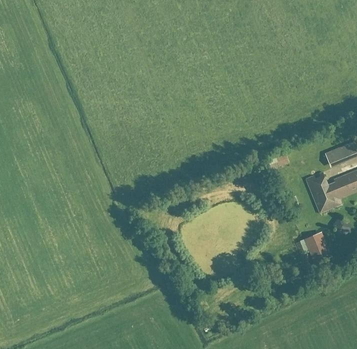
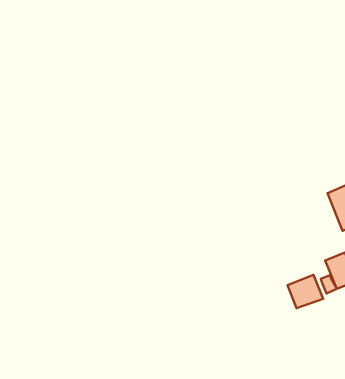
building: none -> [288,275,323,308]

